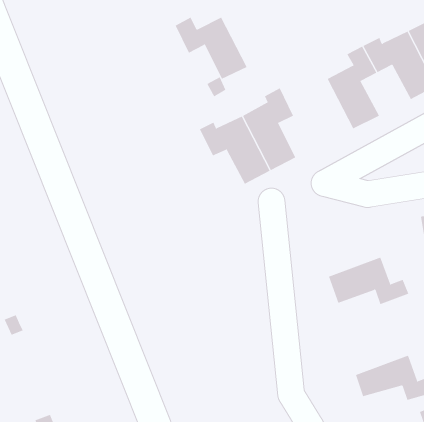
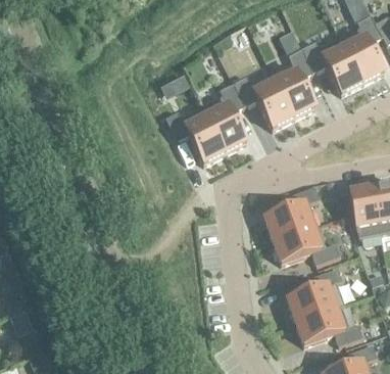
building: [175,17,247,79] -> [234,77,294,129]
building: none -> [265,186,321,241]
building: none -> [288,268,345,323]

